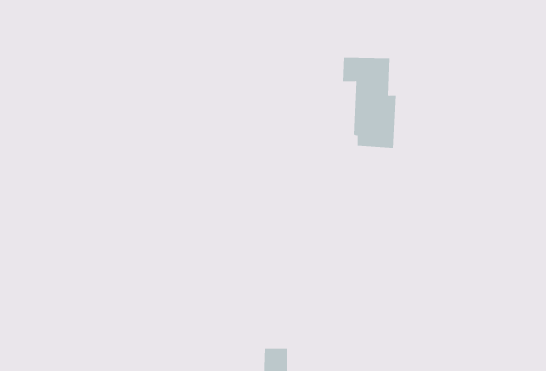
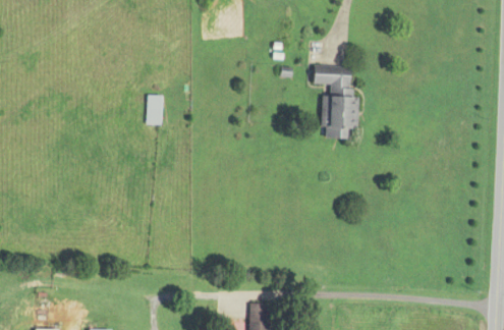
building: none -> [146,95,162,124]

